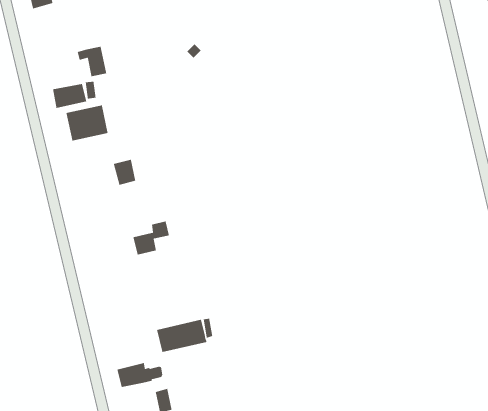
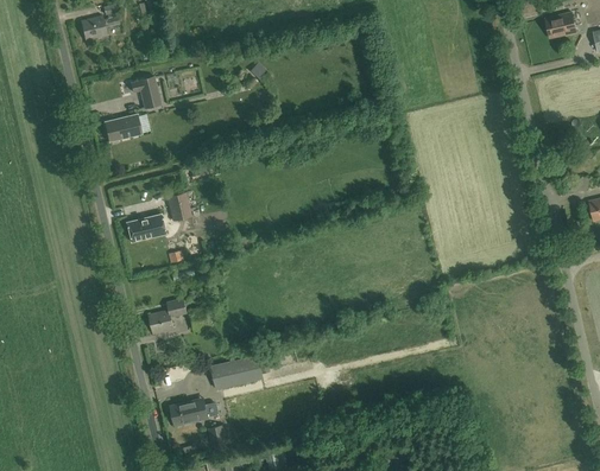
building: [66,104,109,142] -> none
building: none -> [127,214,165,242]
building: [132,221,170,256] -> [149,298,187,333]

